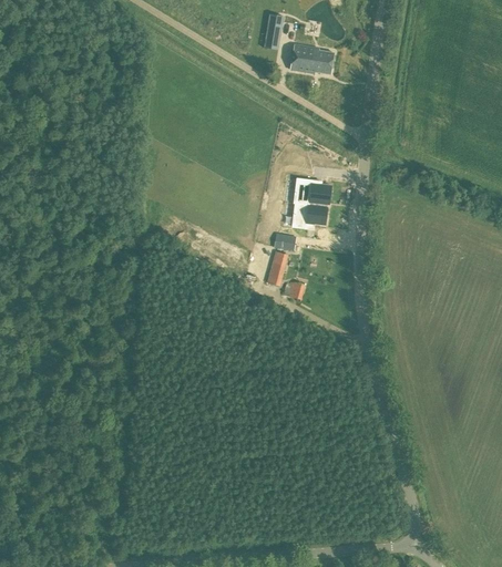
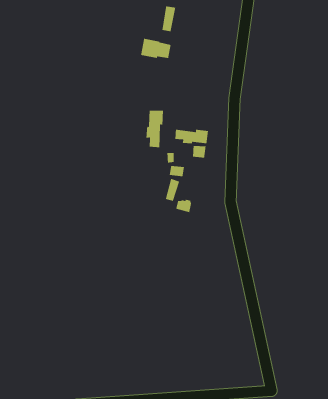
building: [289,44,332,73] -> [140,38,171,59]
building: none -> [145,110,164,148]

